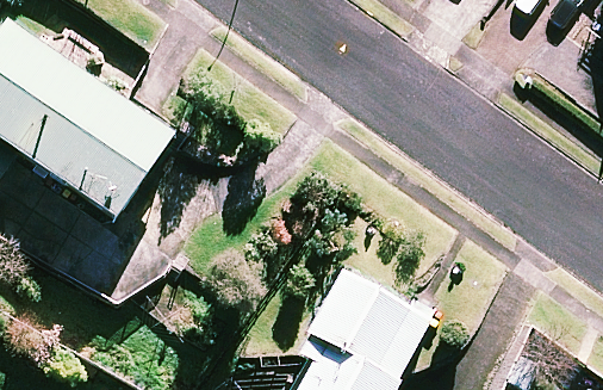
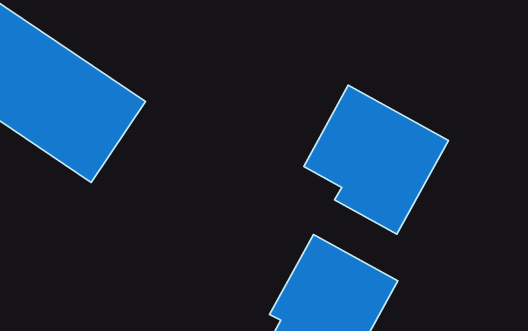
building: none -> [304,85,448,234]

